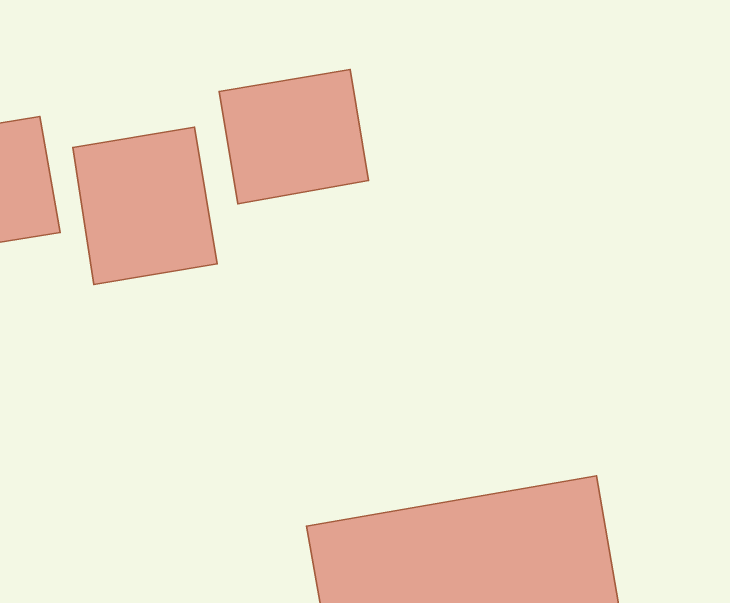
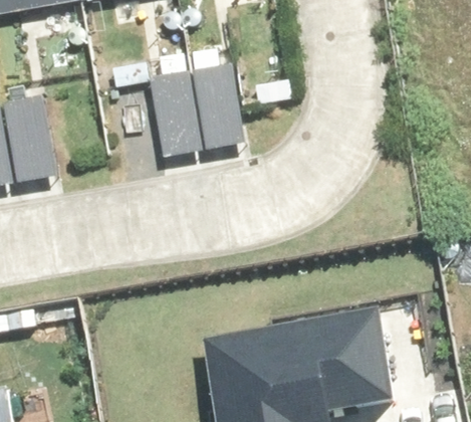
building: [73,127,217,285] -> none

